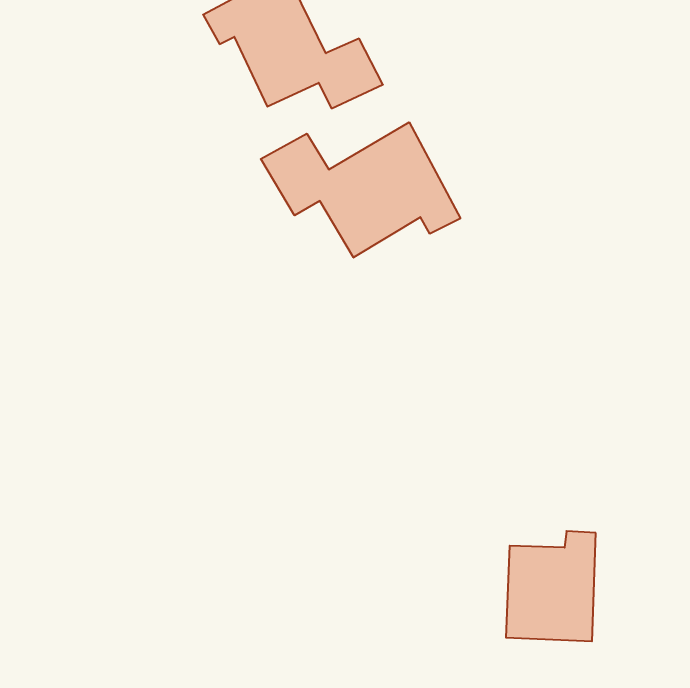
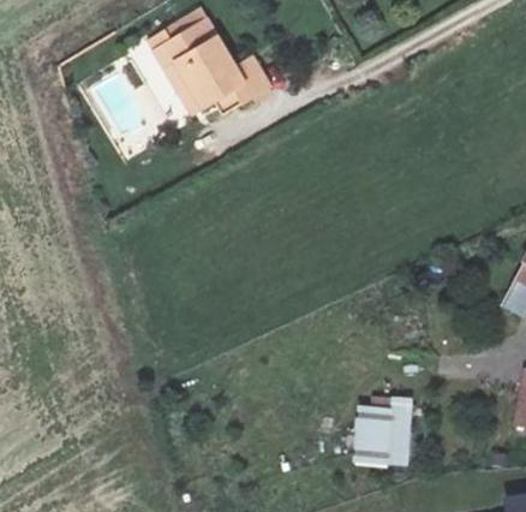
building: [261,122,460,258] -> none

